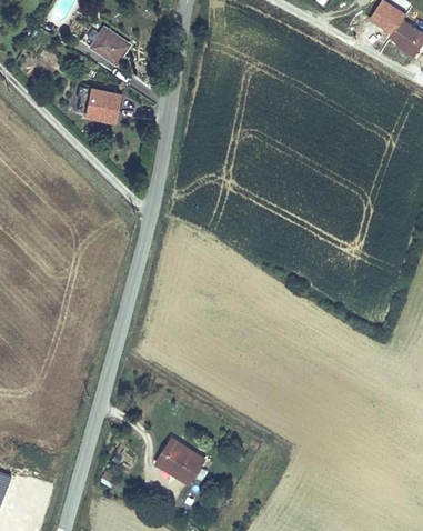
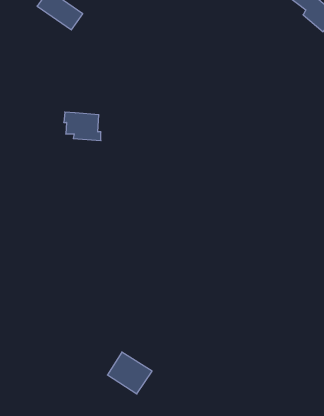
building: [73,87,117,120] -> [64,112,101,141]

